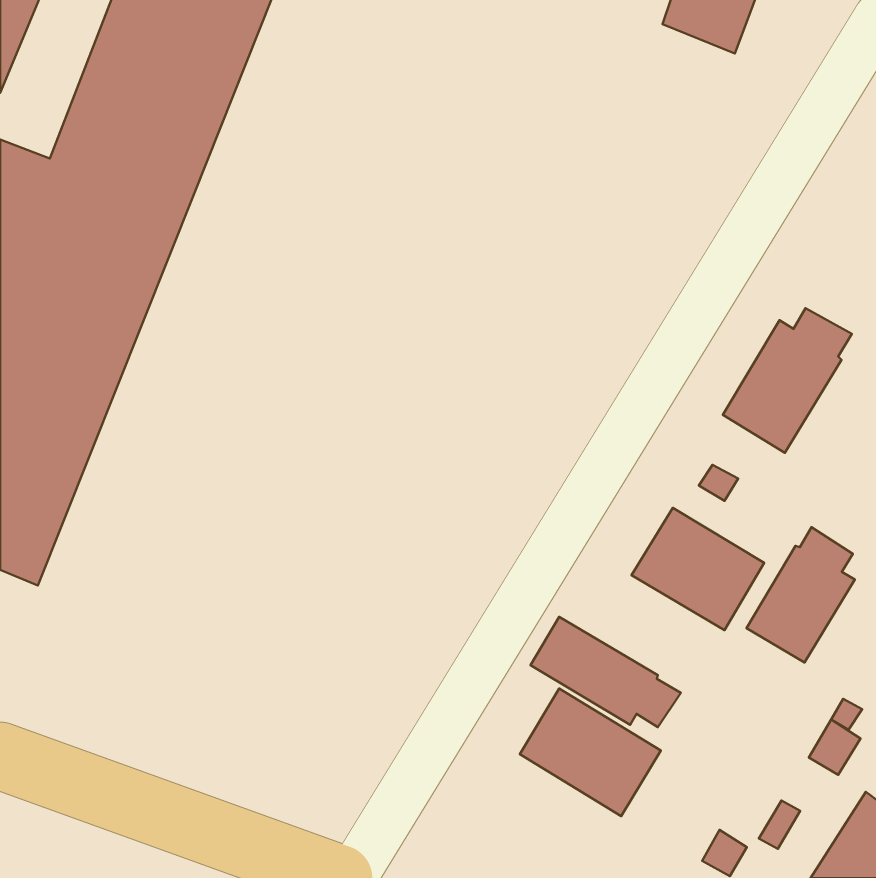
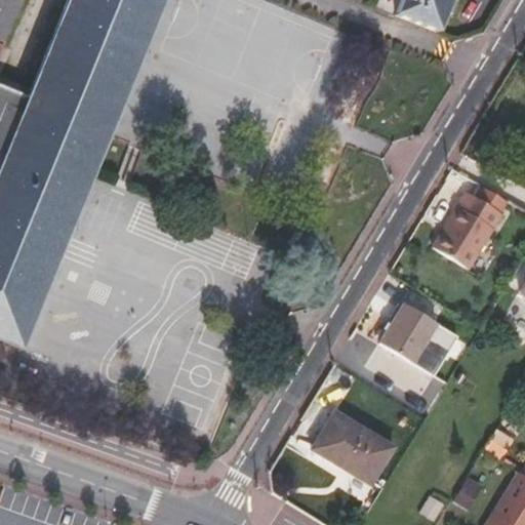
building: [747,527,855,663] -> none
building: [531,617,681,727] -> none

